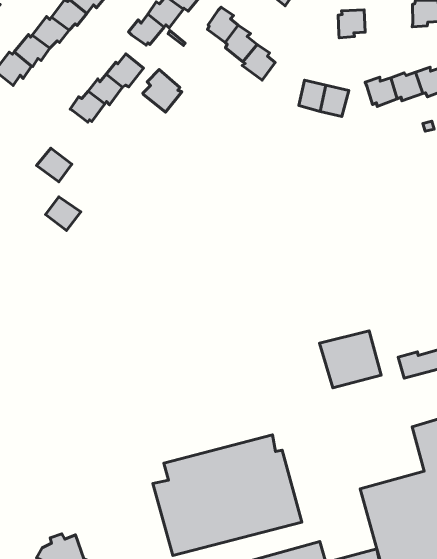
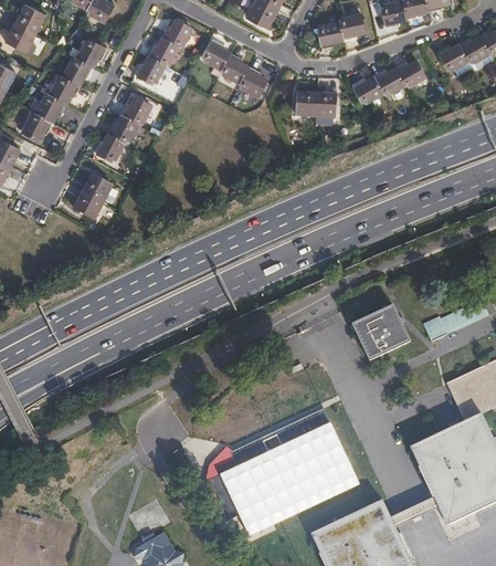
building: none -> [338,12,366,40]
building: [143,70,182,112] -> none
building: [46,197,81,231] -> [82,174,113,202]

